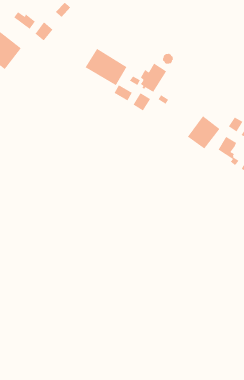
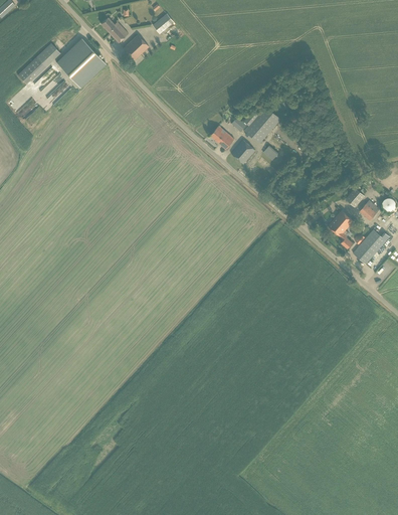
building: [84,48,127,86] -> none
building: [187,115,221,150] -> none

